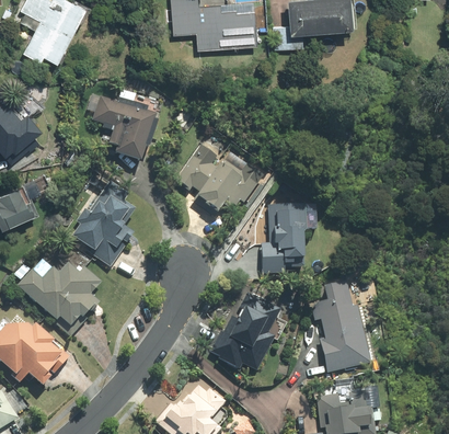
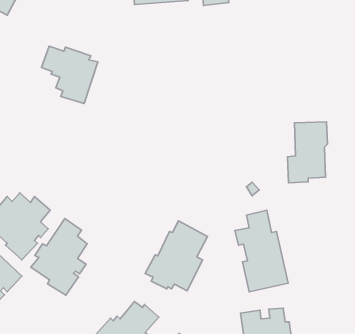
building: [176,145,264,217] -> none
building: [72,180,136,266] -> [31,219,87,295]
building: [262,204,307,273] -> [288,122,327,183]

